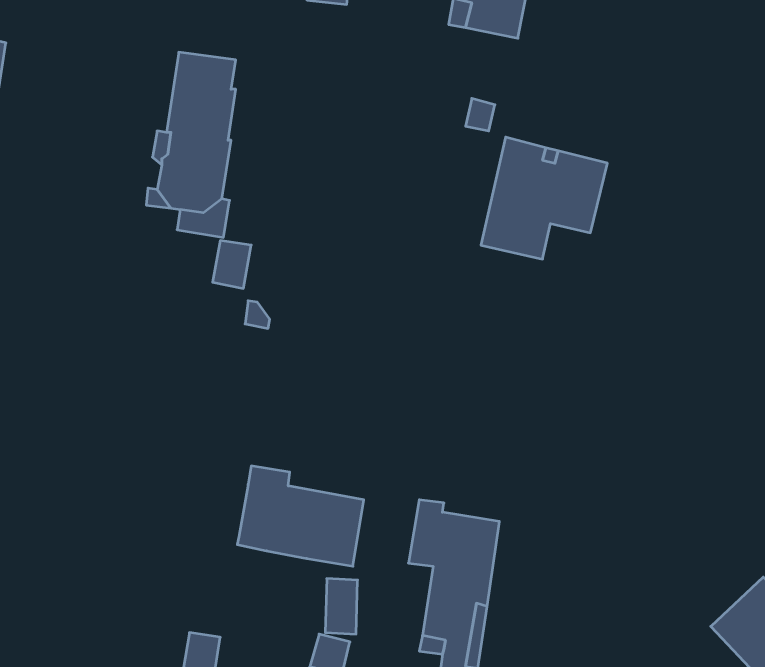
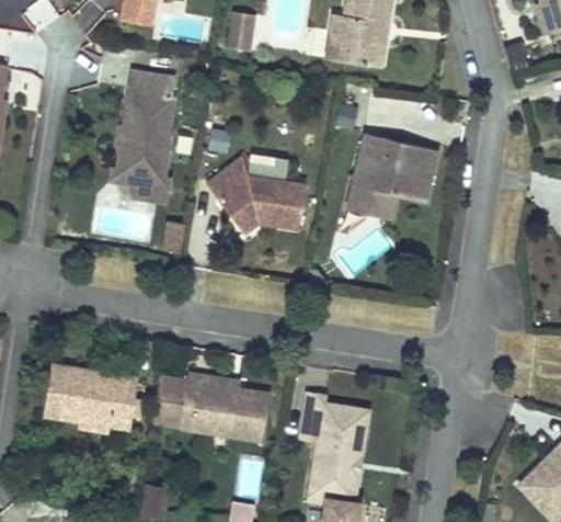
building: none -> [210,154,309,222]
building: none -> [43,361,133,427]
building: none -> [152,377,184,419]

